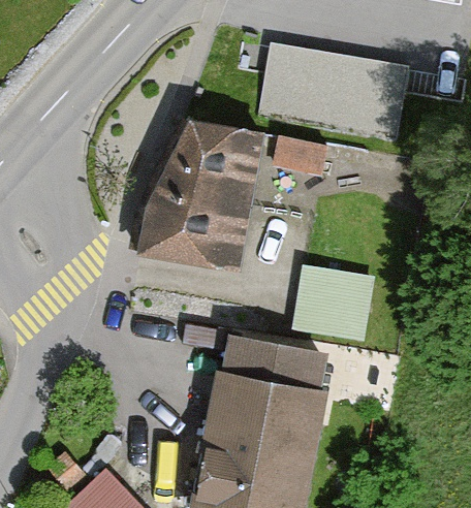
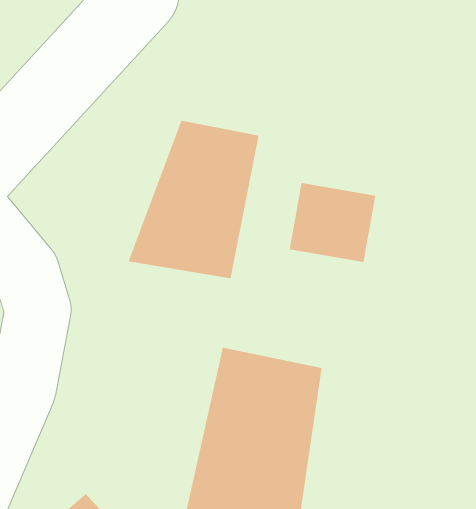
building: [257,40,410,131] -> none
building: [291,259,374,336] -> [289,182,376,263]

